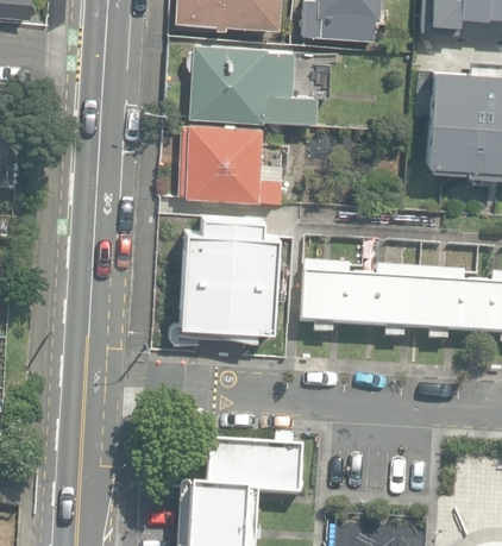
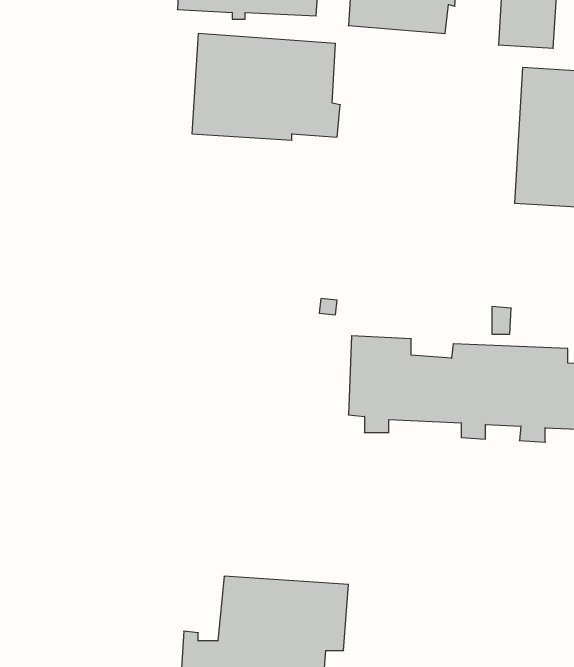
building: [184,119,278,196] -> none
building: [181,214,288,330] -> none

